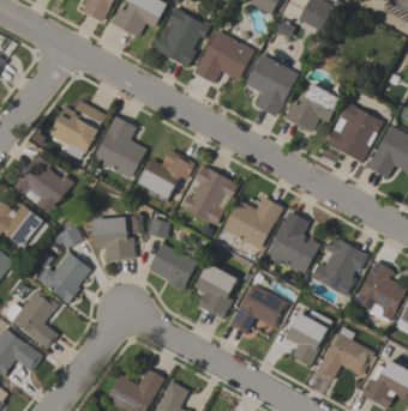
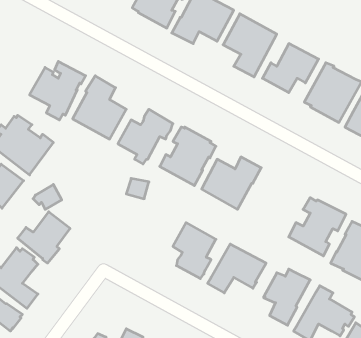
building: [266,211,320,274] -> none
building: [92,217,136,261] -> none
building: [149,242,203,290] -> none

